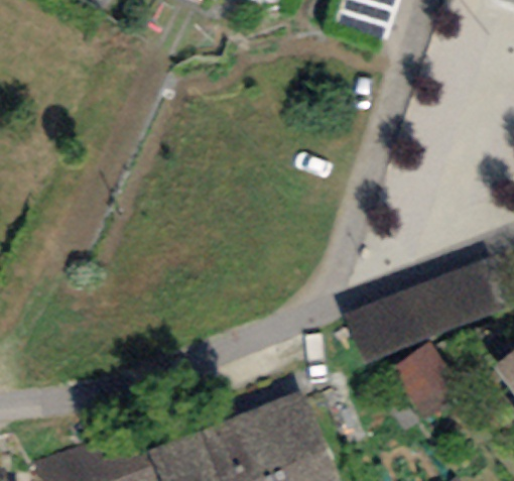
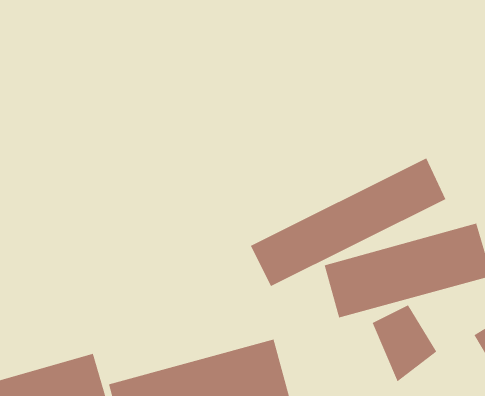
building: none -> [250,157,446,287]

